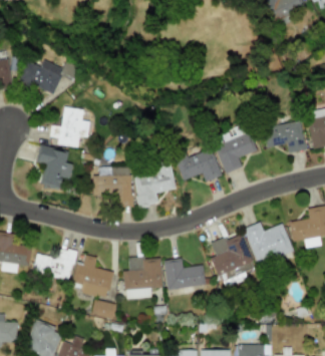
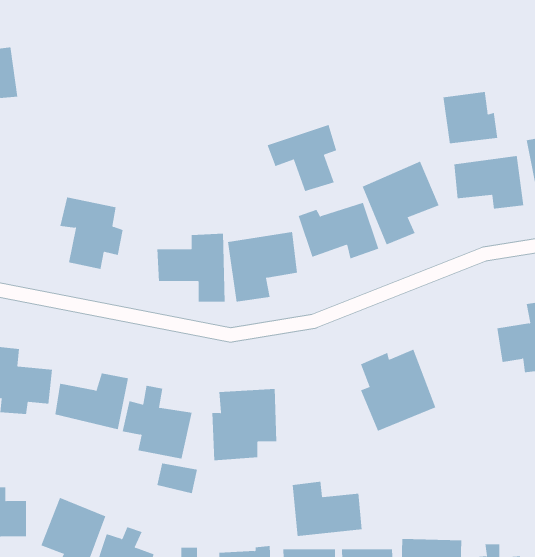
building: [19,60,78,94] -> none
building: none -> [443,91,498,144]
building: none -> [267,124,337,192]
building: [50,106,90,147] -> none
building: [245,222,294,265] -> none
building: [165,258,206,290] -> [292,481,363,536]

